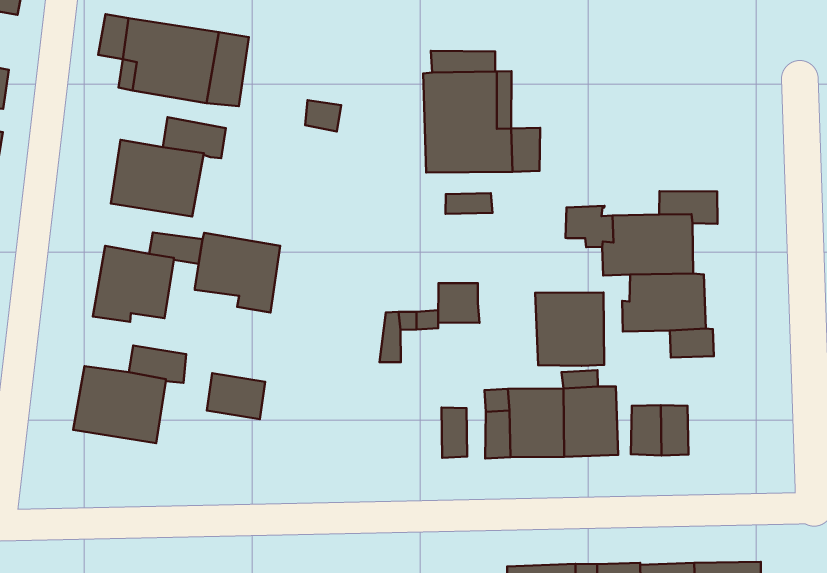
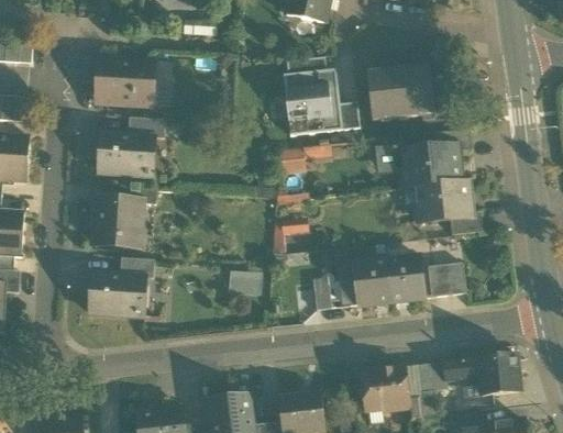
building: none -> [367,65,434,121]
building: [195,233,280,312] -> none
building: [438,283,480,323] -> [279,148,307,175]
building: [535,292,604,366] -> none
building: [207,373,265,419] -> [229,271,263,297]

